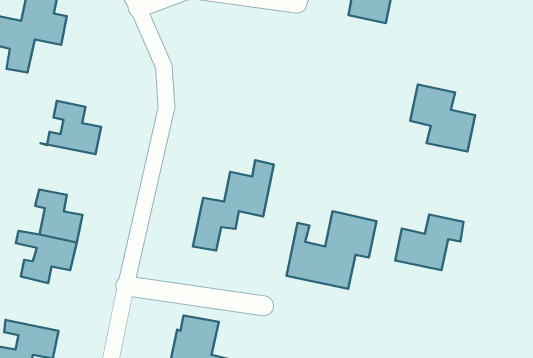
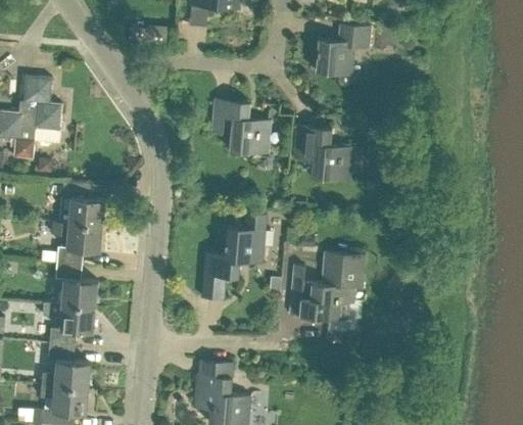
building: none -> [211,99,269,153]
building: [410,85,475,152] -> [293,125,351,180]
building: none -> [51,221,103,265]
building: [395,215,463,270] -> none
building: none -> [41,343,91,388]

